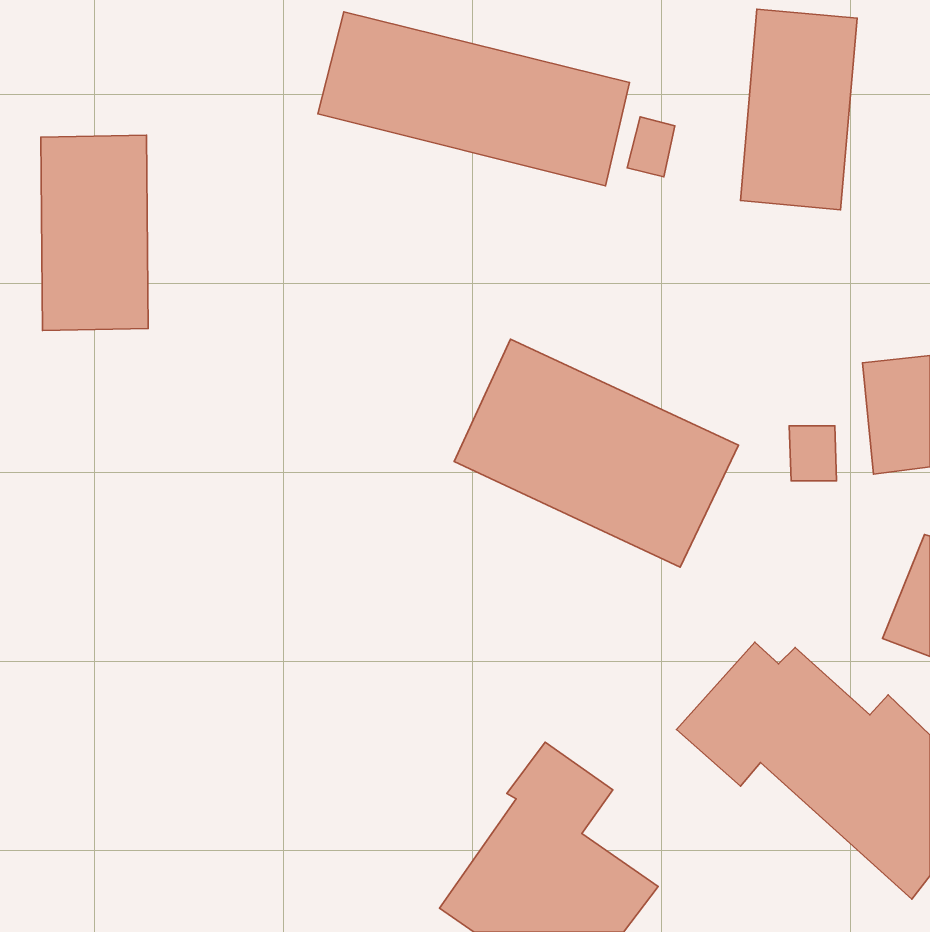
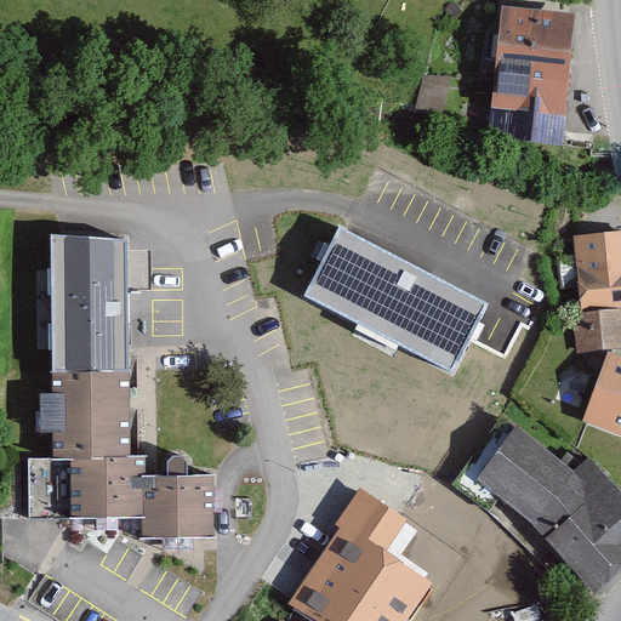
building: [318,12,630,186] -> none
building: [41,135,148,330] -> [52,232,124,361]
building: [789,426,837,481] -> [574,319,605,355]
building: none -> [29,366,210,529]

